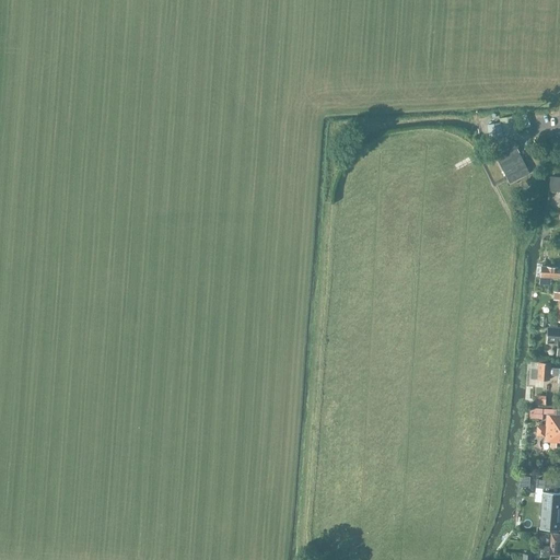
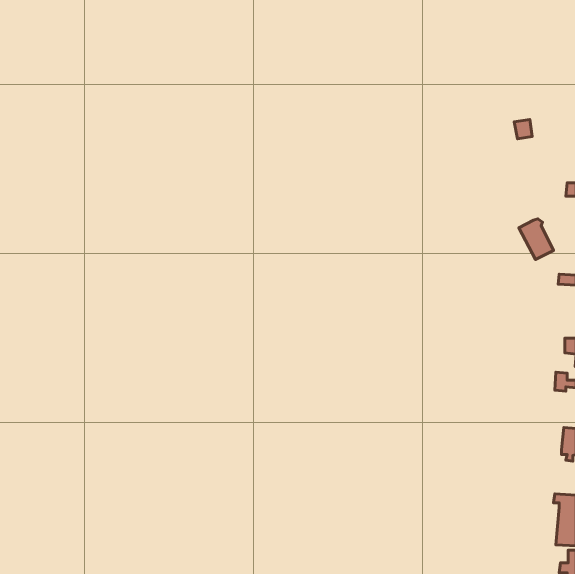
building: [497,144,530,184] -> [519,219,554,259]

